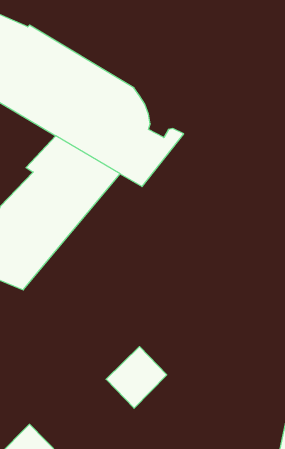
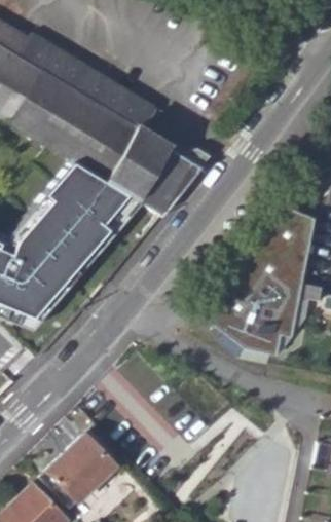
building: none -> [205,208,317,356]
building: [106,347,167,408] -> [48,436,117,506]

